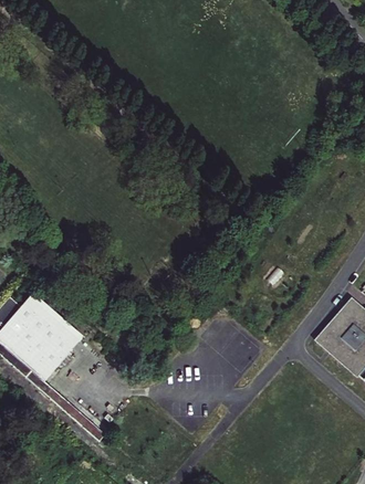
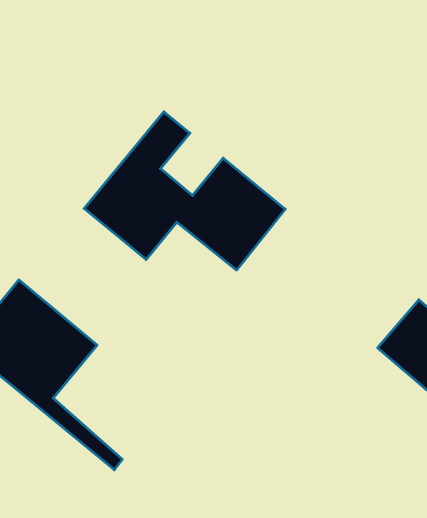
building: none -> [84,112,285,270]

